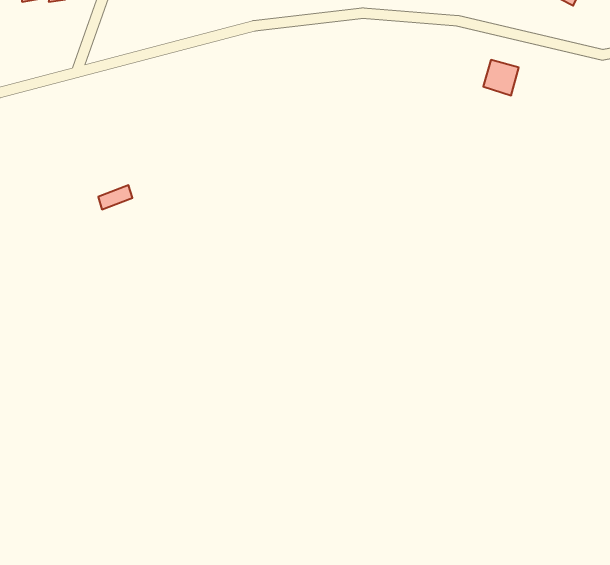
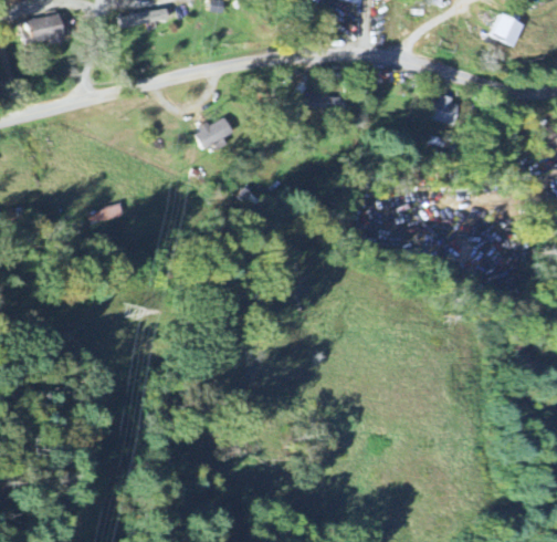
building: none -> [197,117,233,150]

